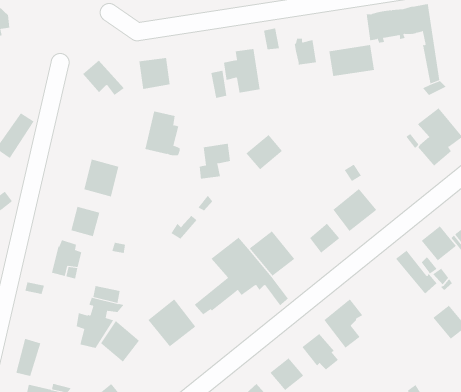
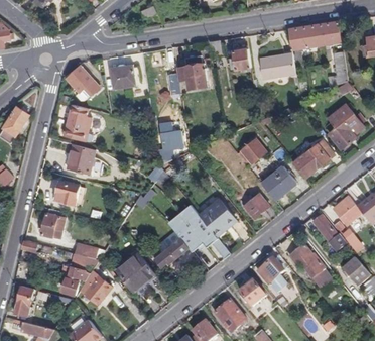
building: [145,111,180,156] -> [65,104,93,139]
building: [246,134,283,170] -> [239,139,268,167]
building: none -> [295,140,335,178]
building: none -> [289,245,332,288]

